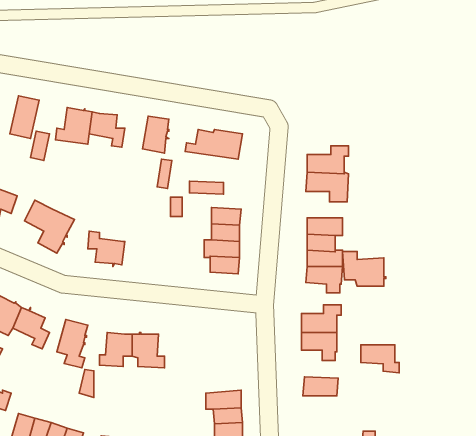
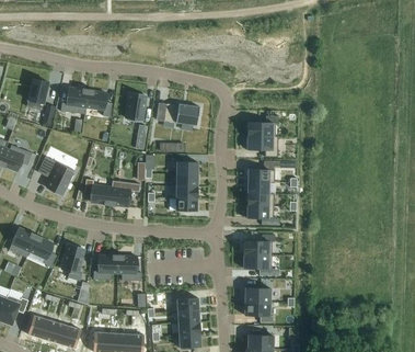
building: none -> [109,180,140,206]
building: [343,252,386,286] -> none
building: [361,345,399,373] -> [244,302,273,322]

